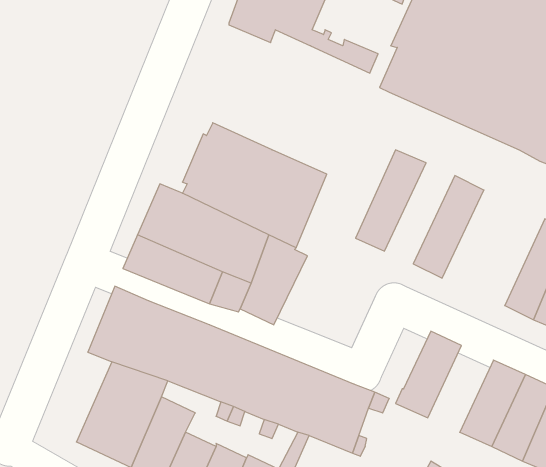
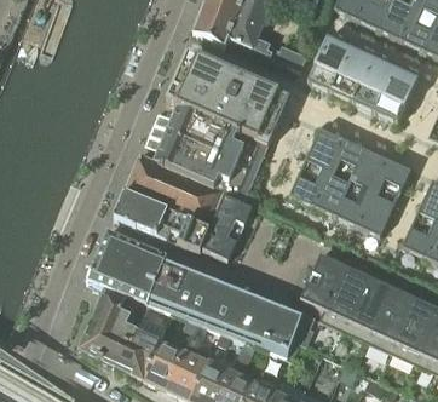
building: none -> [166,52,289,147]
building: none -> [311,138,364,214]
building: none -> [355,159,410,236]
building: none -> [300,254,346,309]
building: none -> [344,276,393,341]

